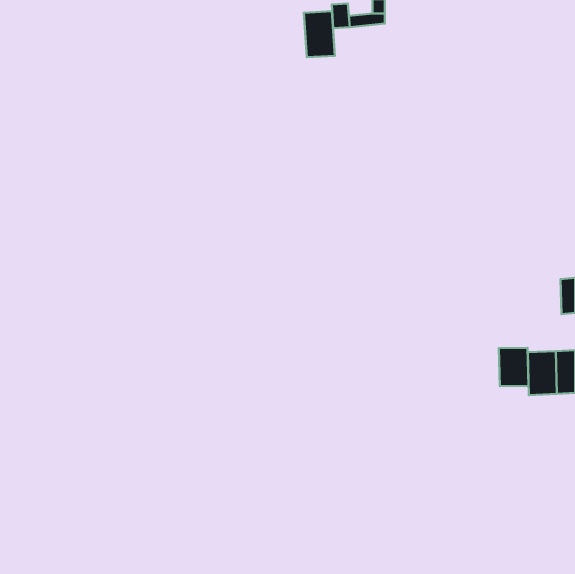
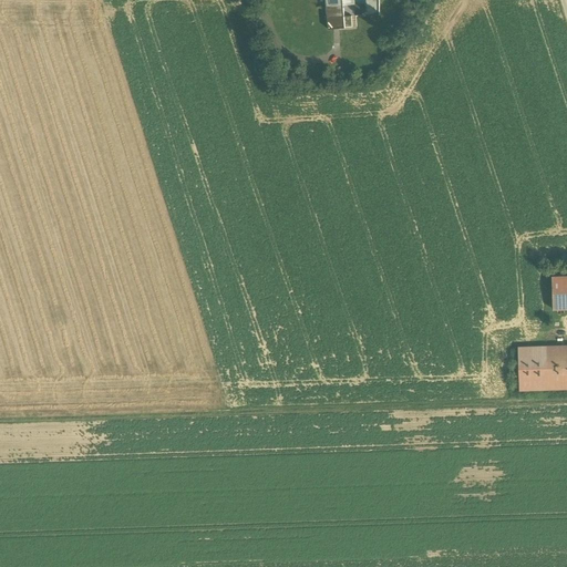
building: [304,11,335,57] -> none
building: [499,348,529,386] -> none

